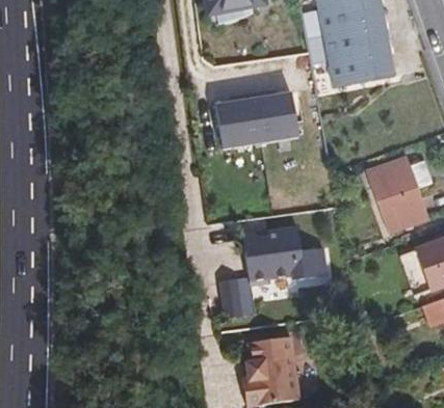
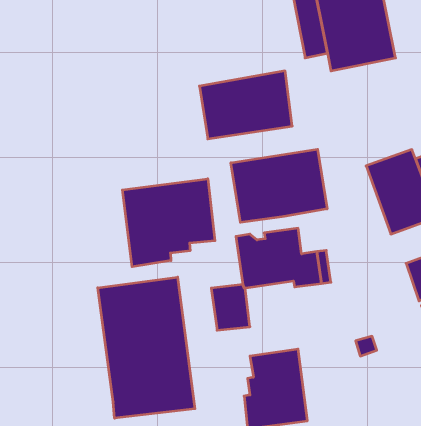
building: none -> [231,149,327,222]
building: none -> [122,179,215,267]
building: none -> [98,277,195,418]

